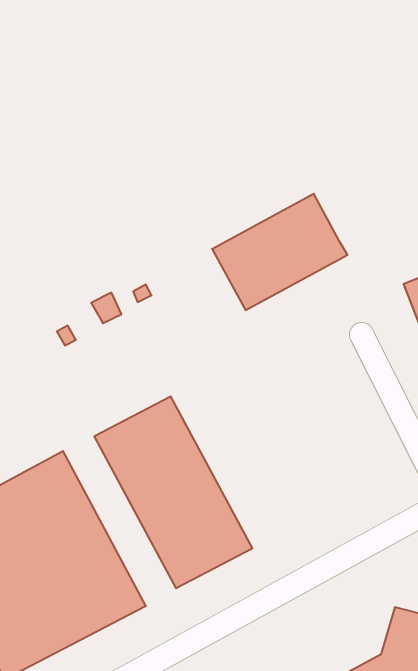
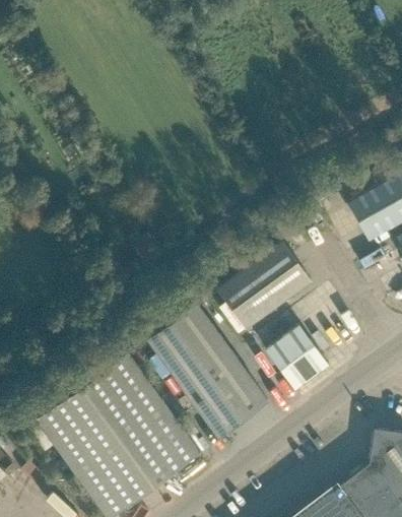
building: [212,194,347,310] -> [216,242,312,330]
building: none -> [266,325,329,390]

